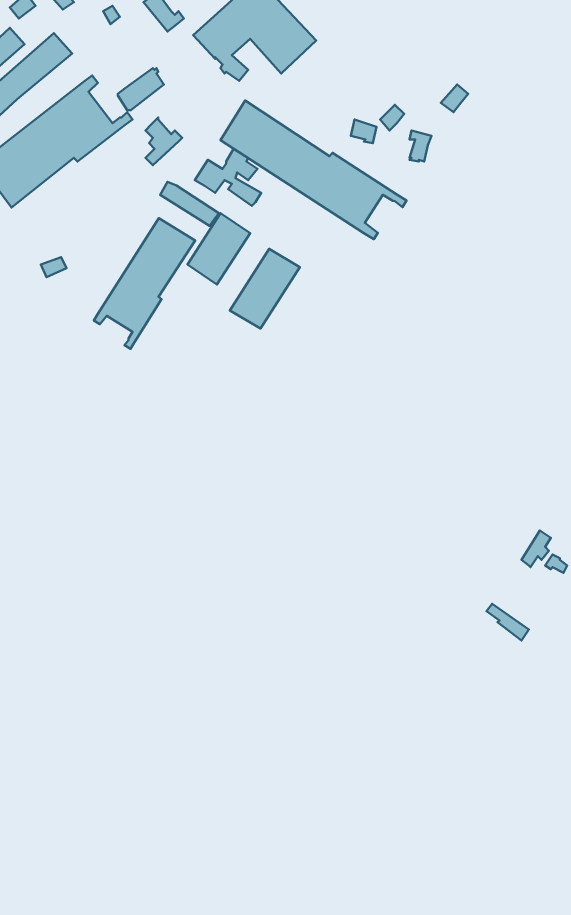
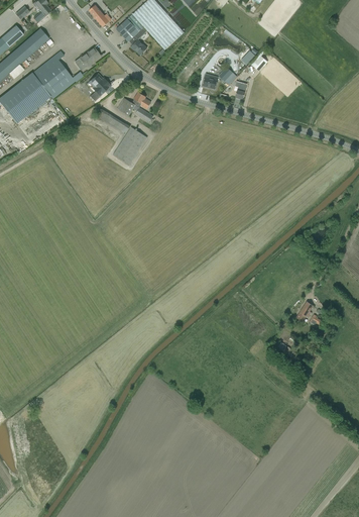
building: [221,100,407,239] -> none
building: [94,218,195,349] -> none
building: [230,249,300,329] -> none

